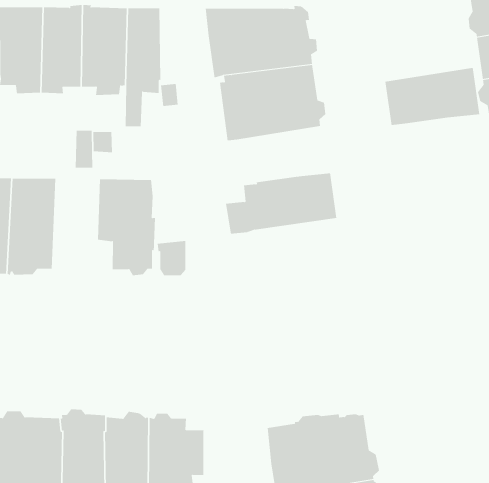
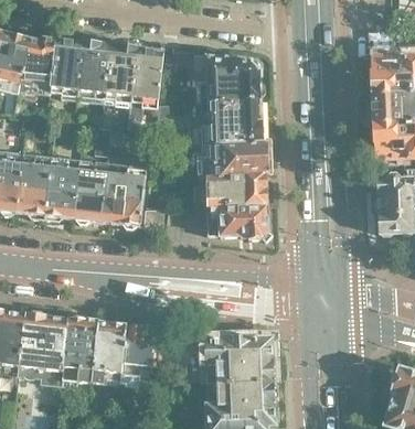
building: [385,67,480,125] -> [204,141,266,174]
building: none -> [73,158,115,223]
building: none -> [206,204,272,242]

